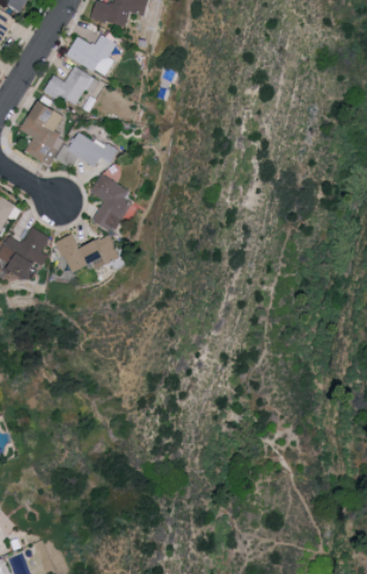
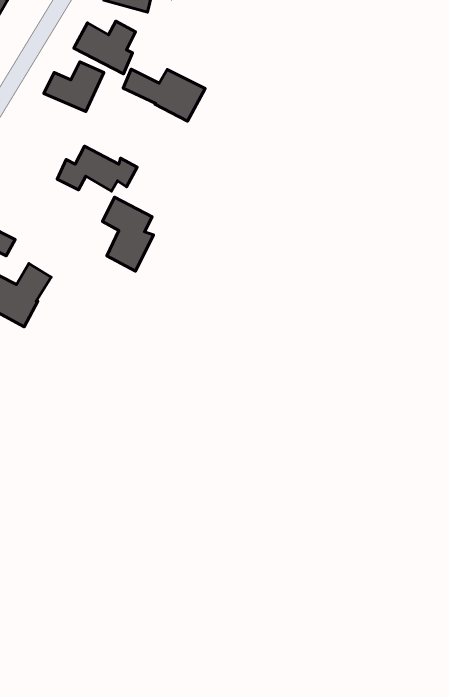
building: none -> [123,69,205,121]
building: [19,100,63,163] -> none
building: [56,233,120,272] -> none

